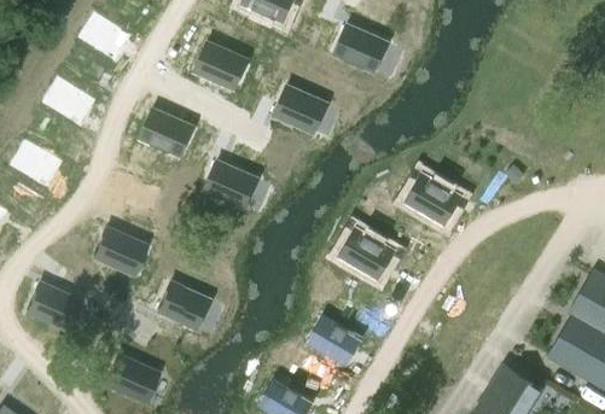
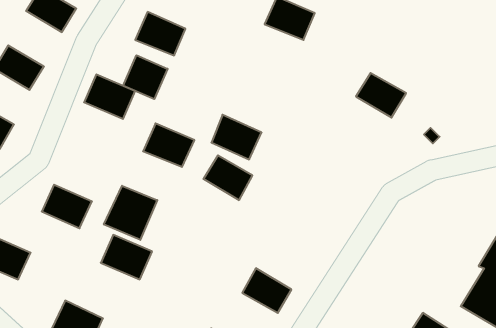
building: [275,83,330,132] -> [211,115,262,159]
building: none -> [123,55,168,99]
building: [407,179,461,227] -> [356,73,406,118]
building: none -> [104,186,157,240]
building: [341,234,394,282] -> [203,155,252,200]

